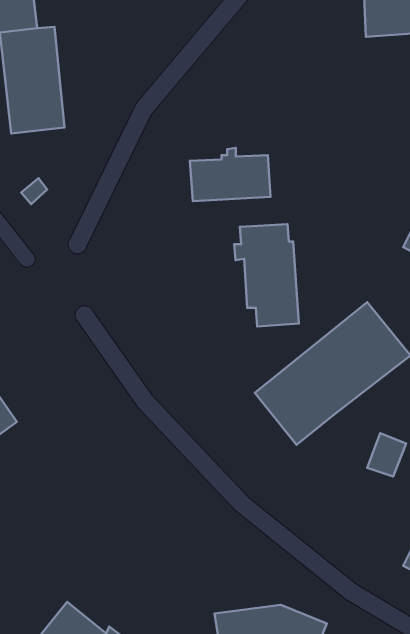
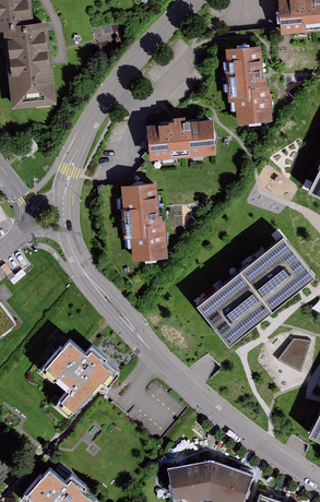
building: none -> [225,49,274,127]
building: [234,224,299,326] -> [116,187,165,264]
building: none -> [39,335,122,420]

